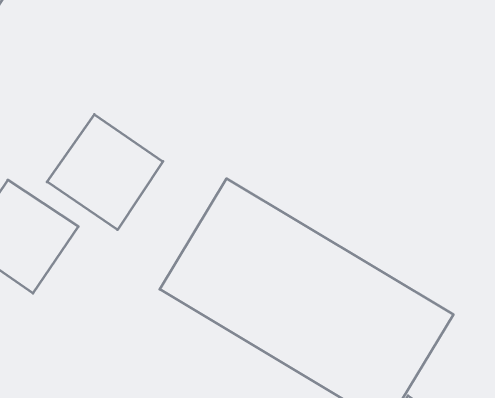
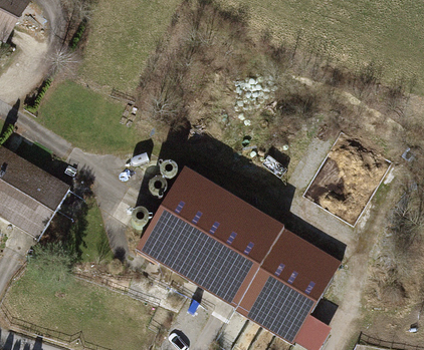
building: [47,114,163,230] -> none

